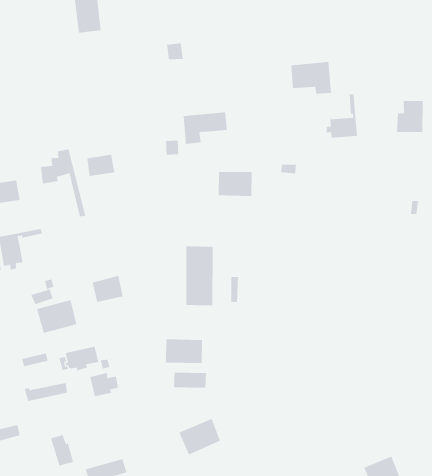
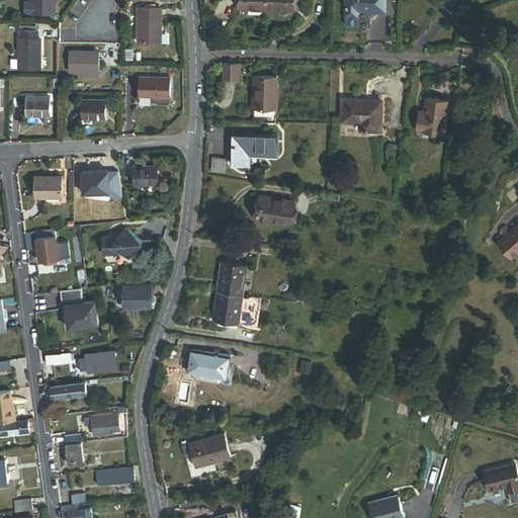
building: none -> [69,52,98,72]
building: none -> [252,78,274,118]
building: none -> [139,78,169,106]
building: [326,94,357,139] -> none
building: none -> [81,101,105,119]
building: [396,100,424,132] -> [417,98,447,132]
building: none -> [100,232,142,263]
building: [174,372,206,389] -> none
building: [90,373,119,397] -> [90,415,117,437]

